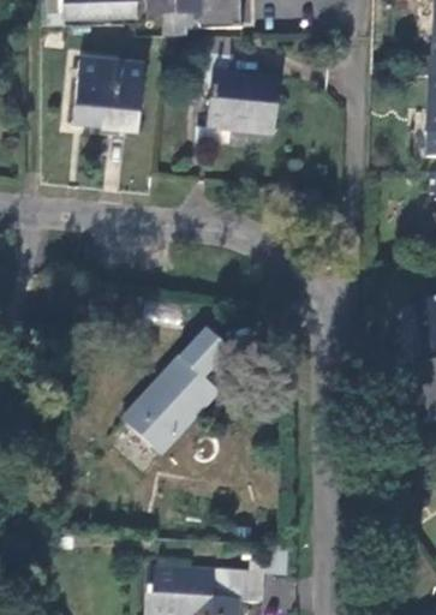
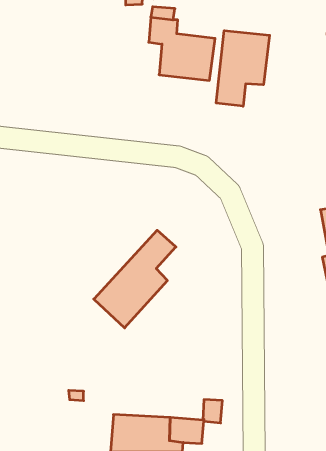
building: [73,58,145,131] -> none
building: none -> [216,31,270,106]

